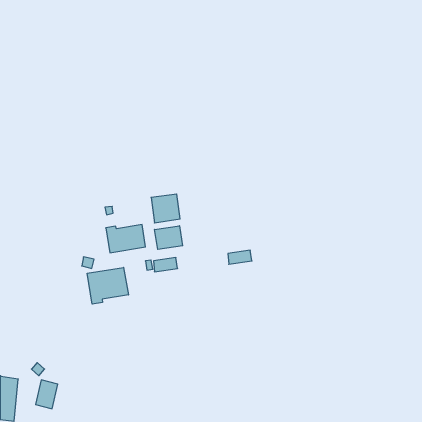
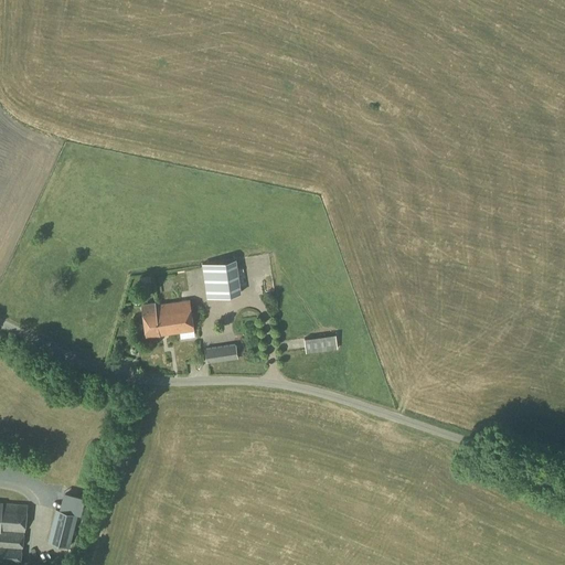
building: [155,226,183,249] -> none
building: [87,267,128,304] -> none

